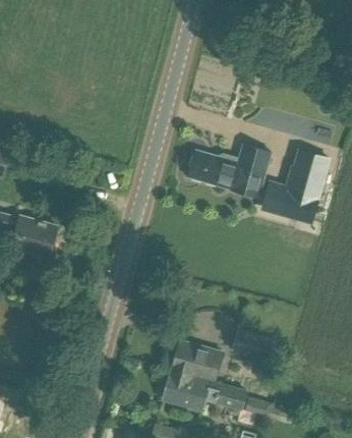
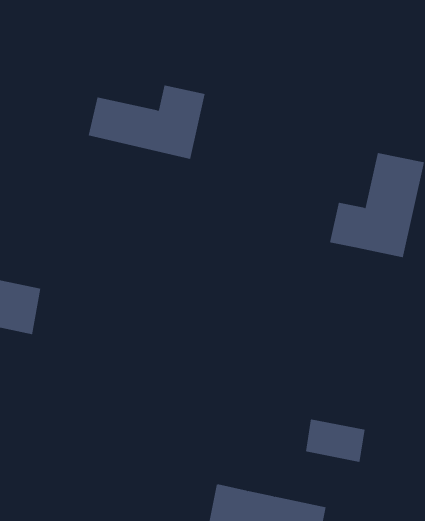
building: [188,144,272,197] -> [88,85,205,159]
building: [171,343,222,380] -> none

